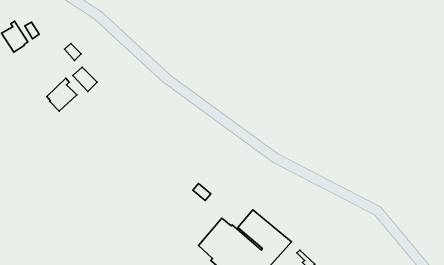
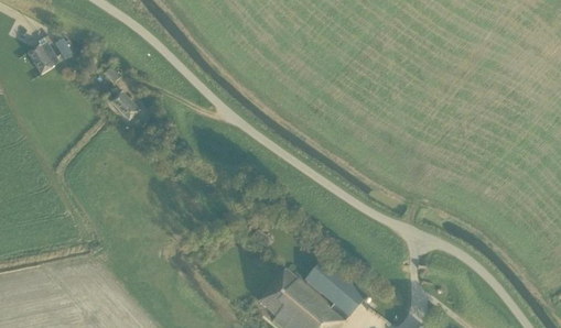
building: [47,78,77,111] -> none

